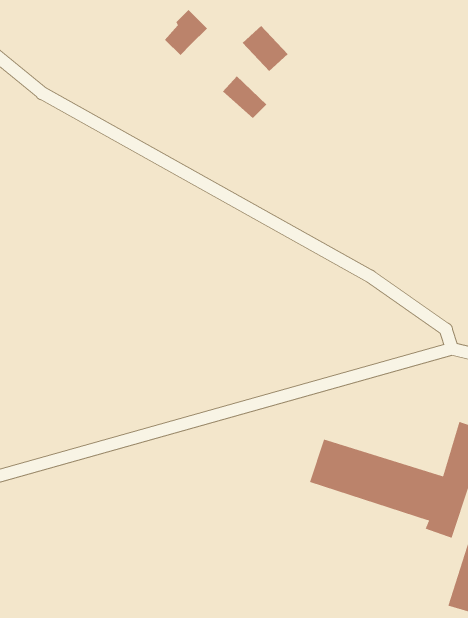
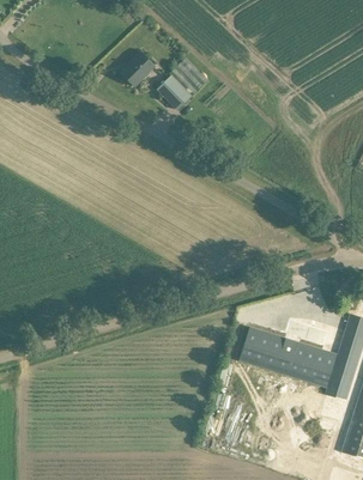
building: [164,9,208,56] -> [122,51,155,86]
building: [242,25,289,72] -> [157,75,192,110]

